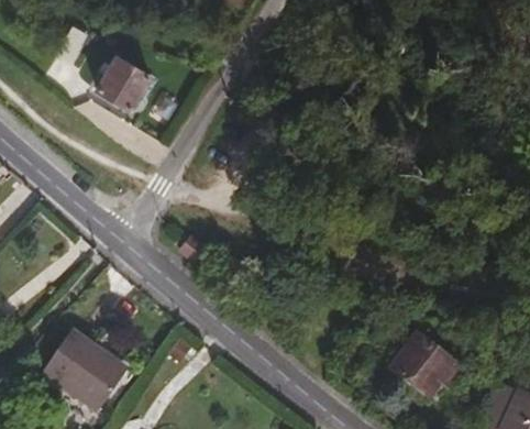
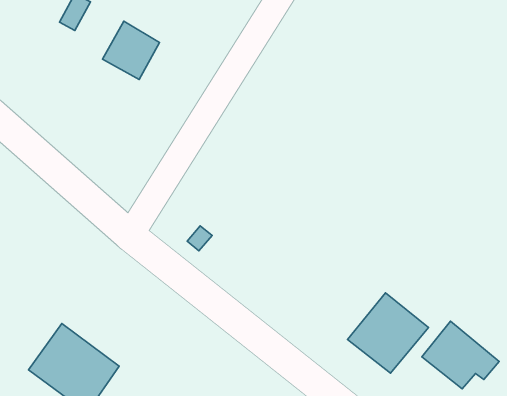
building: none -> [348,293,429,373]

